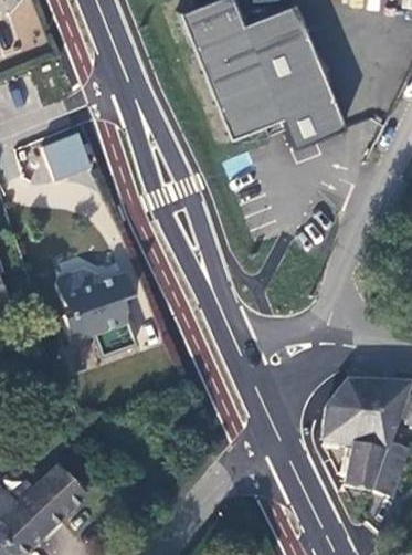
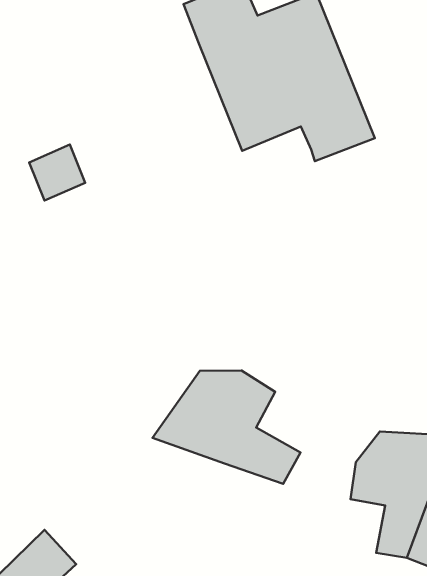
building: [59,268,137,356] -> none
building: none -> [153,370,301,484]

